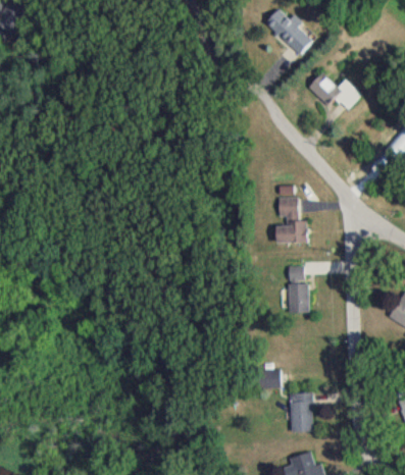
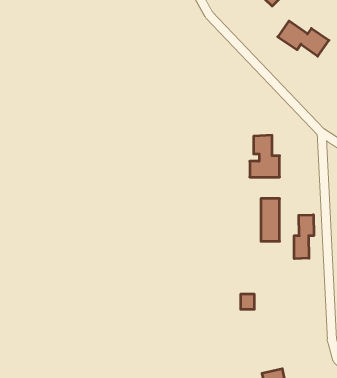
building: none -> [294,215,314,259]
building: [290,393,312,433] -> none

